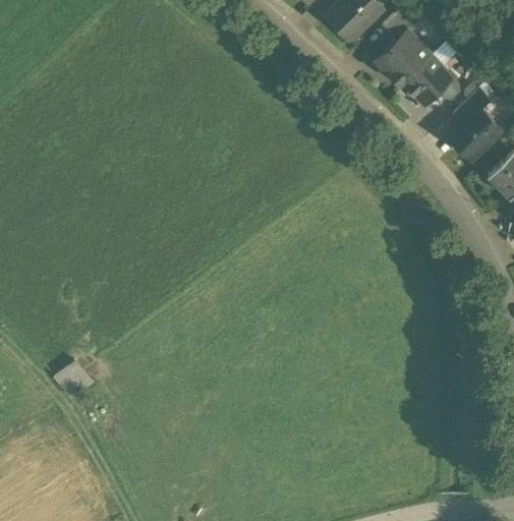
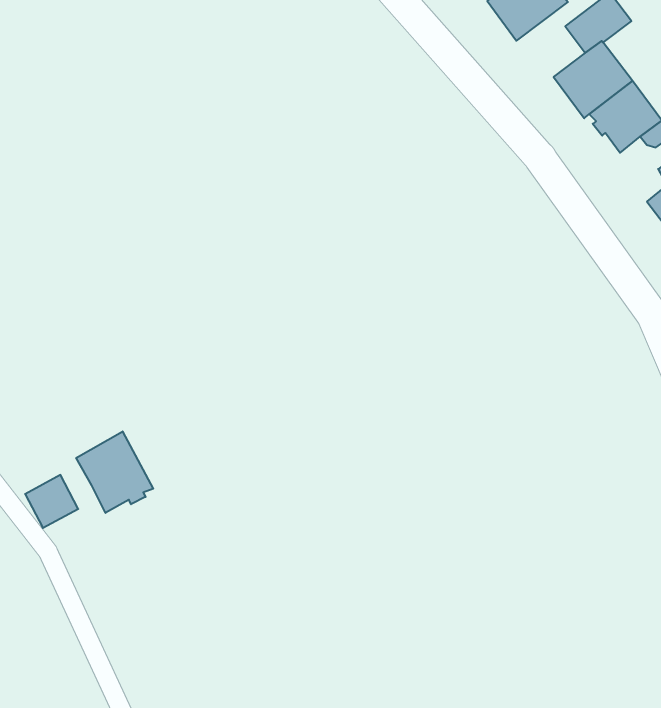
building: none -> [76,431,153,513]

